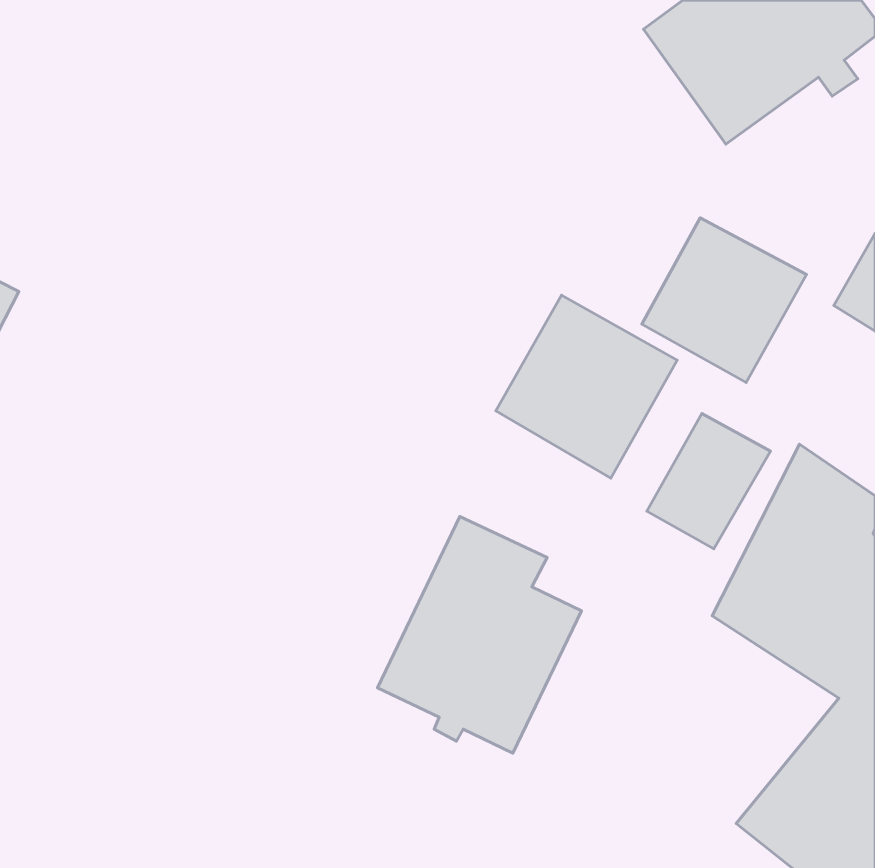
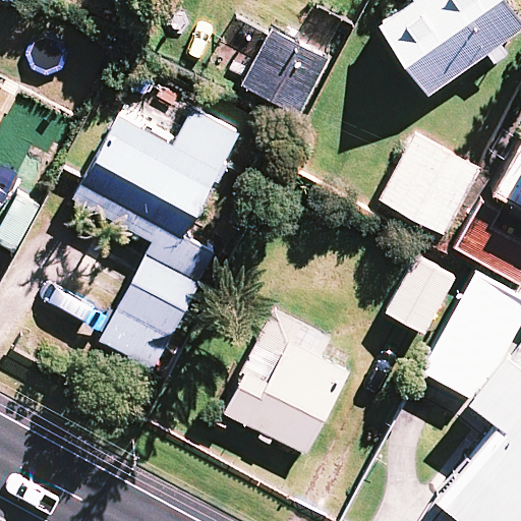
building: none -> [243,30,328,114]
building: none -> [75,109,239,371]
building: [496,295,677,478] -> none

